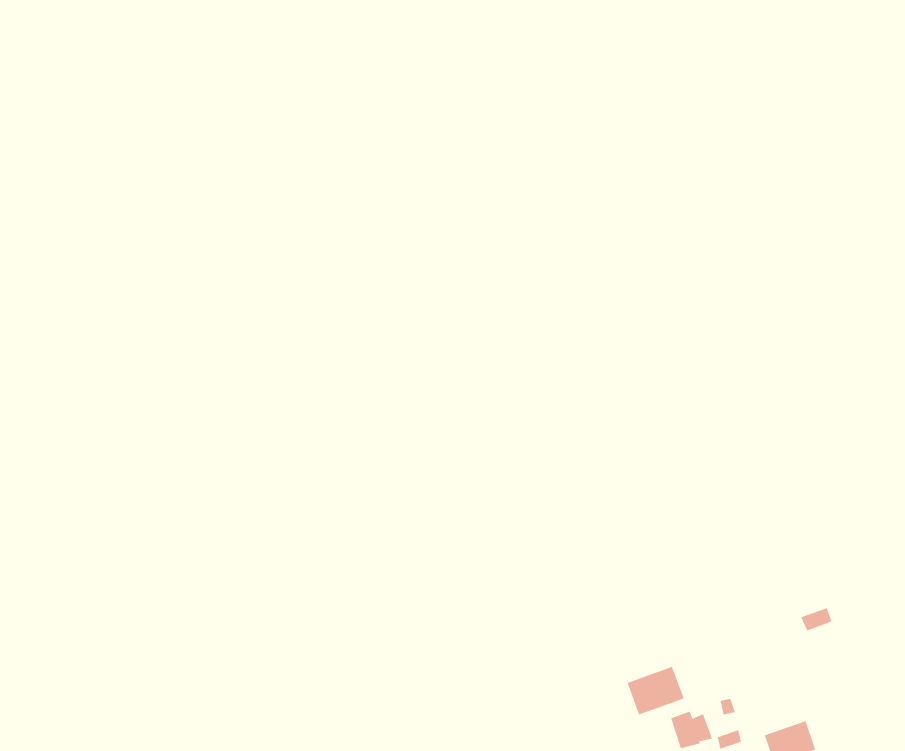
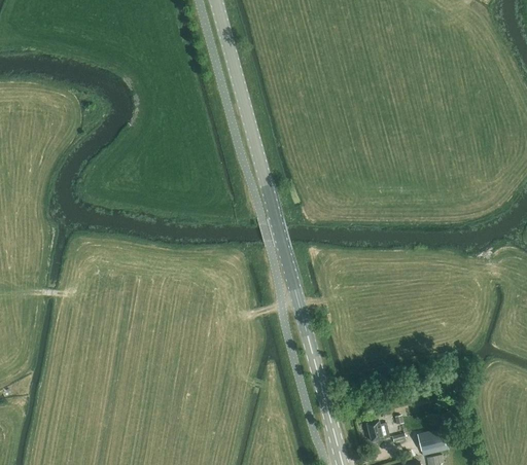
building: [626,666,685,715] -> none

